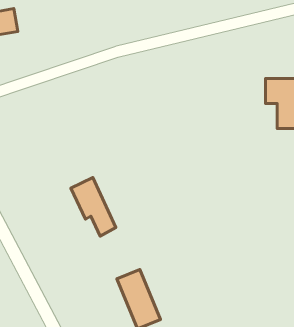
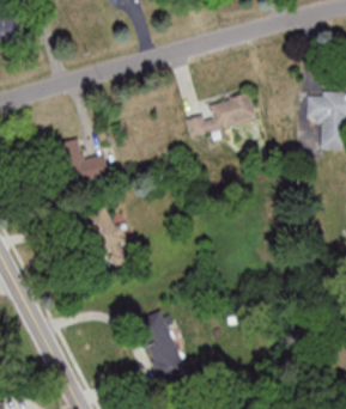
building: none -> [186,92,257,138]
building: none -> [60,138,109,185]

